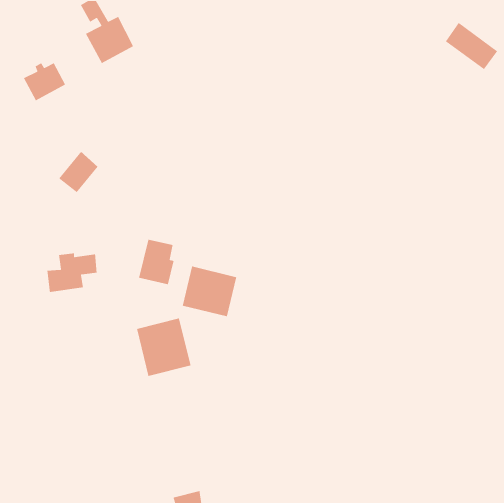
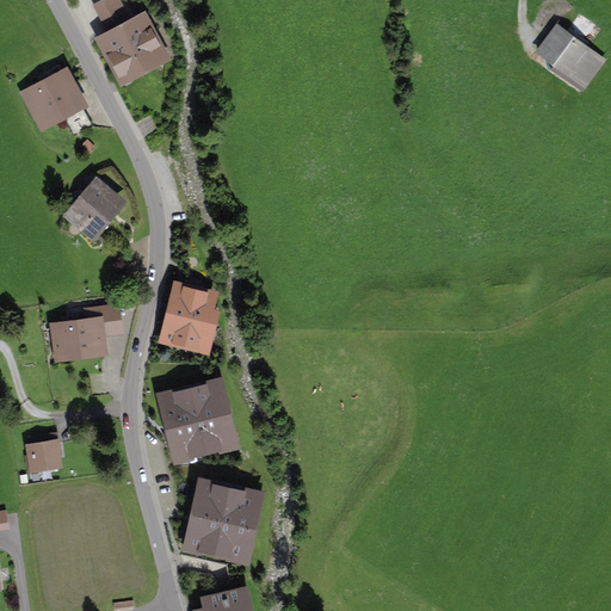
building: [182,266,237,317] -> none
building: none -> [26,434,60,469]
building: none -> [191,486,257,557]

